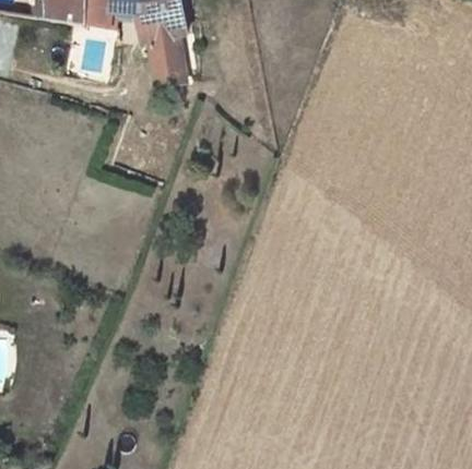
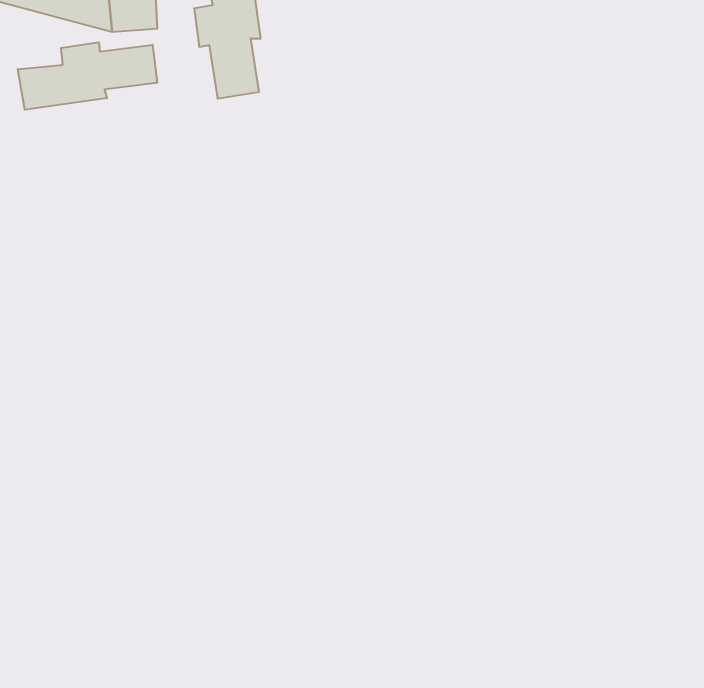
building: none -> [18,42,157,110]

